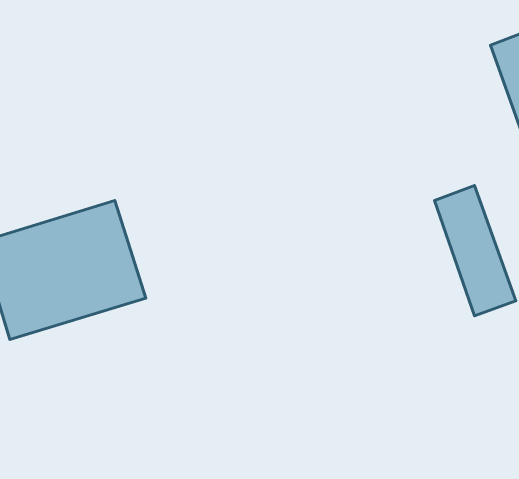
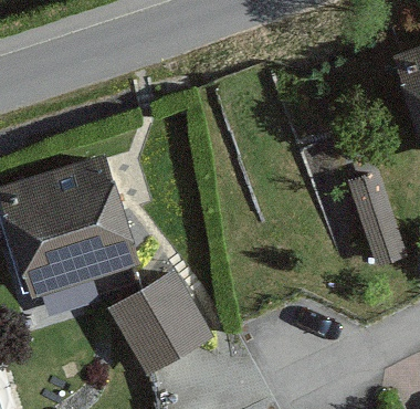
building: none -> [117,277,208,367]

